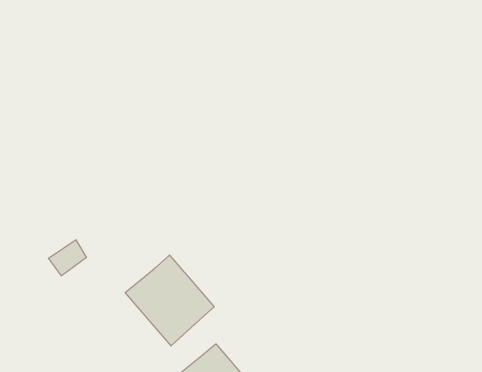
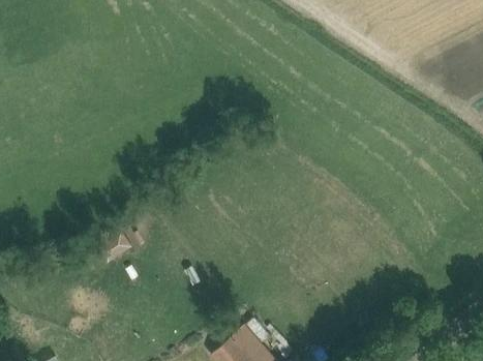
building: [125,255,214,346] -> none

